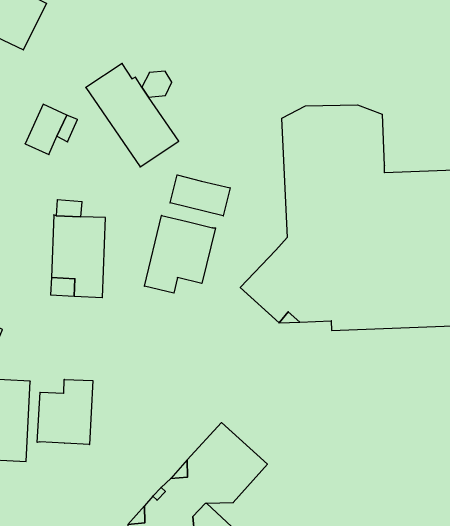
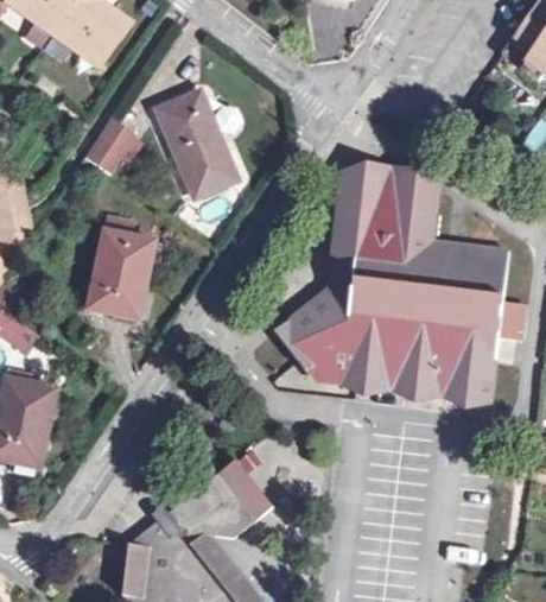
building: [170,175,230,216] -> none
building: [144,215,216,293] -> none
building: [37,379,93,445] -> none

